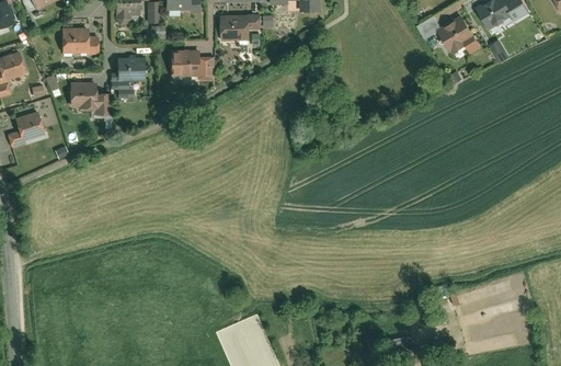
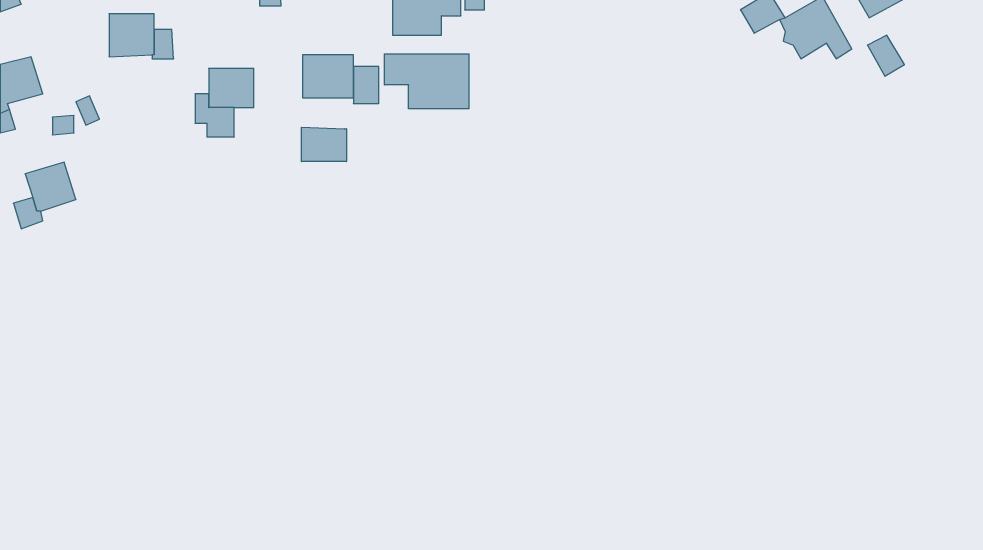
building: none -> [384,54,469,109]
building: [71,82,110,113] -> none
building: none -> [301,127,346,162]

